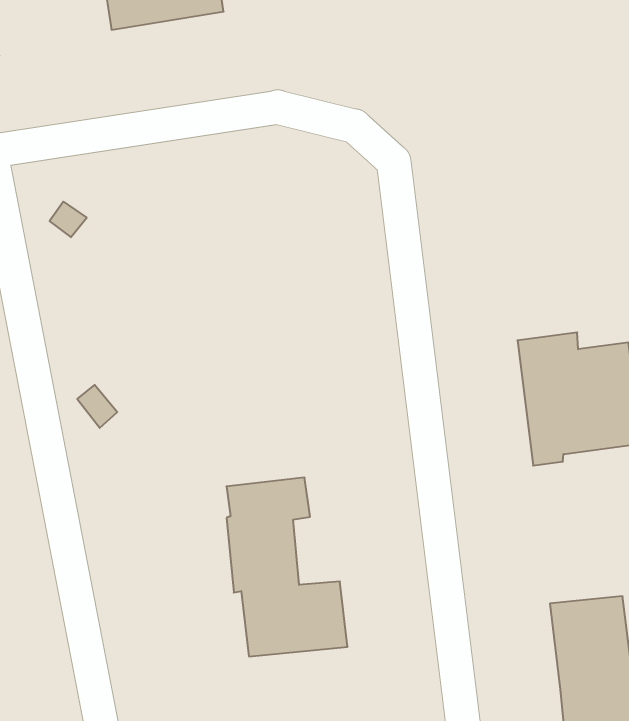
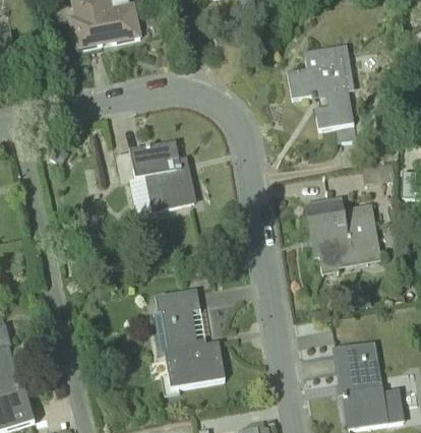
building: none -> [286,44,353,128]
building: none -> [115,141,193,208]

